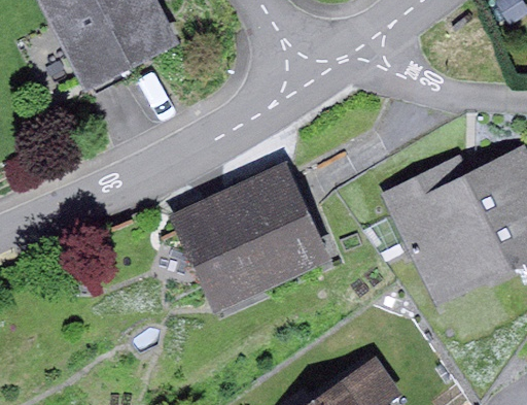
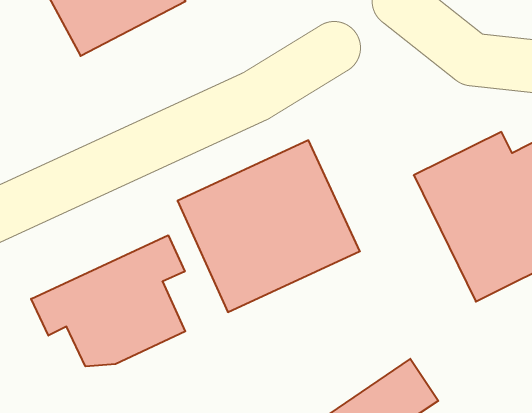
building: none -> [31,235,185,366]

